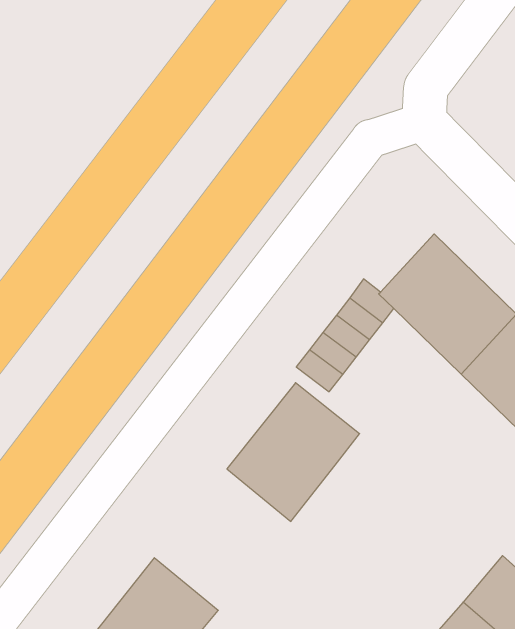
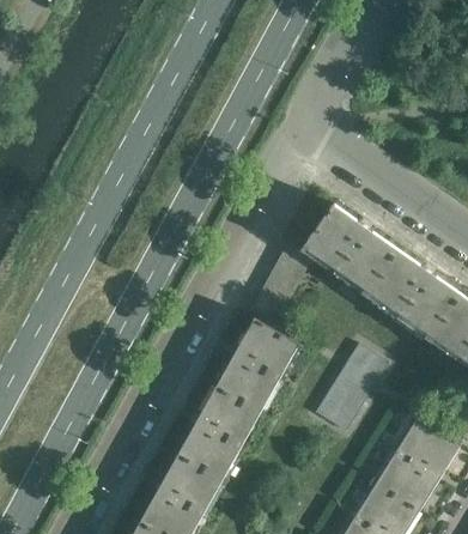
building: none -> [315,344,387,431]
building: none -> [177,384,266,481]

